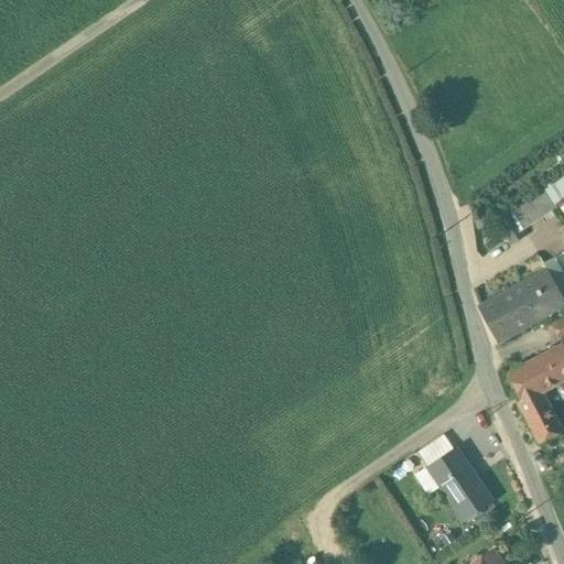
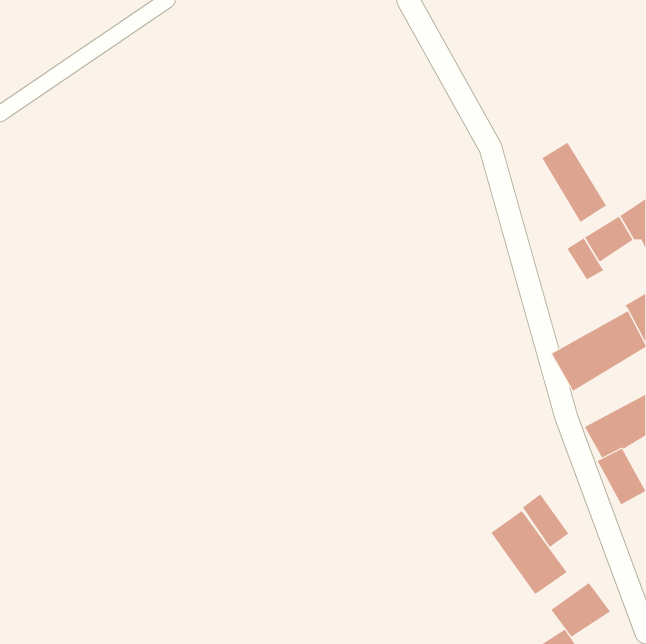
building: none -> [541,142,607,223]
building: none -> [522,493,569,548]
building: none -> [551,582,611,637]

